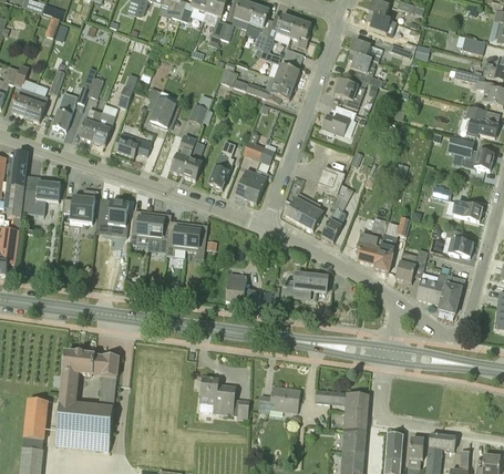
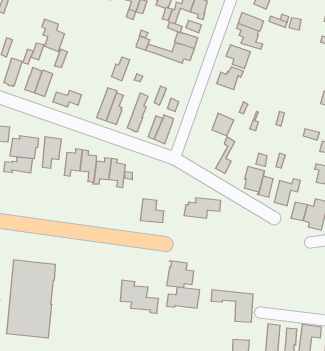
building: [146,86,175,127] -> [42,19,65,51]
building: [285,192,322,230] -> none
building: none -> [4,157,33,173]
building: none -> [167,261,193,288]
building: [342,429,366,453] -> none

